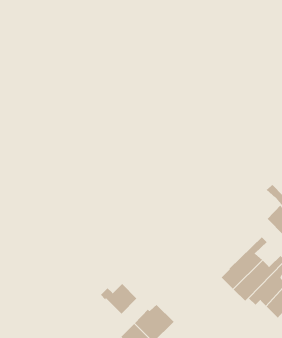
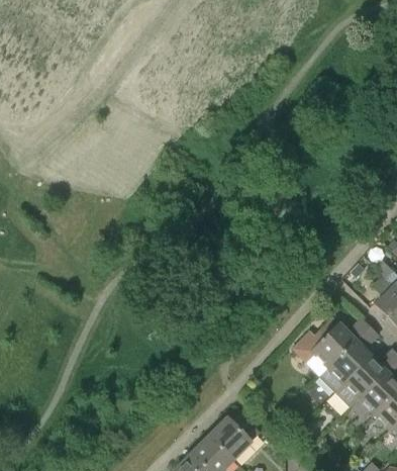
building: none -> [293,319,370,368]
building: [100,283,137,314] -> none

